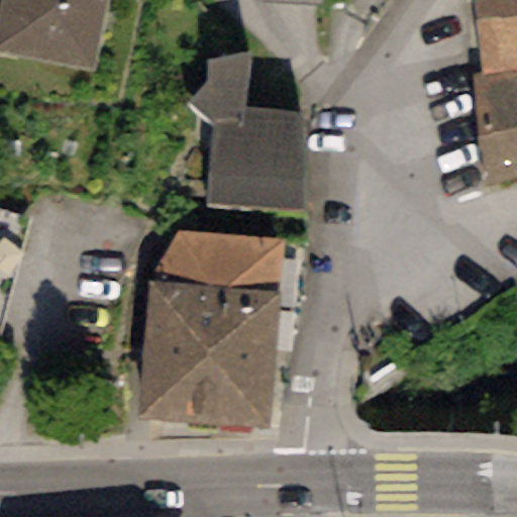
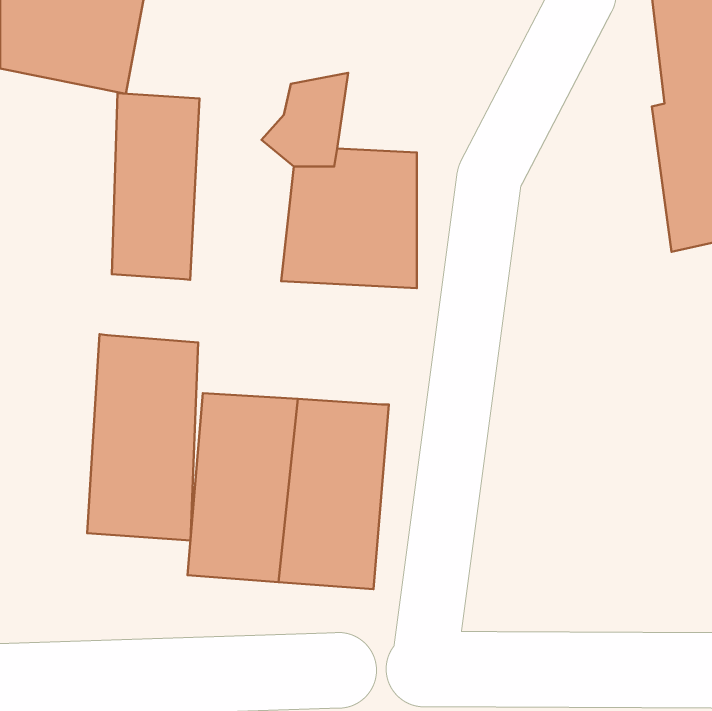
building: none -> [112,93,199,280]
building: [148,230,282,292] -> none
building: none -> [87,334,198,540]

